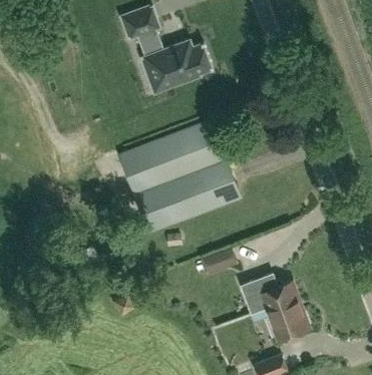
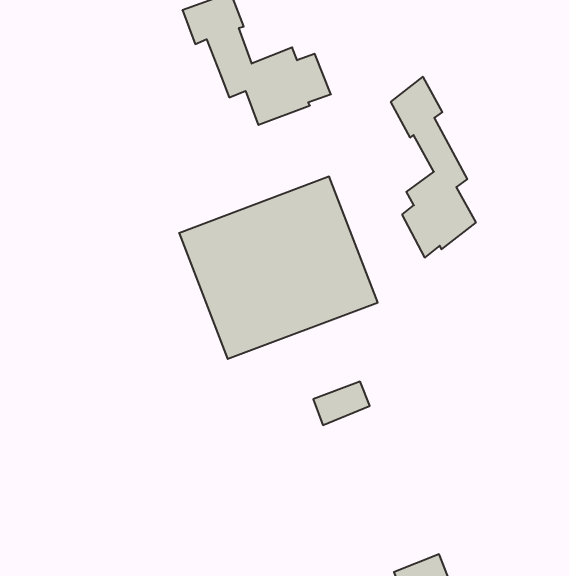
building: none -> [391,77,476,258]
building: [239,274,311,341] -> none

